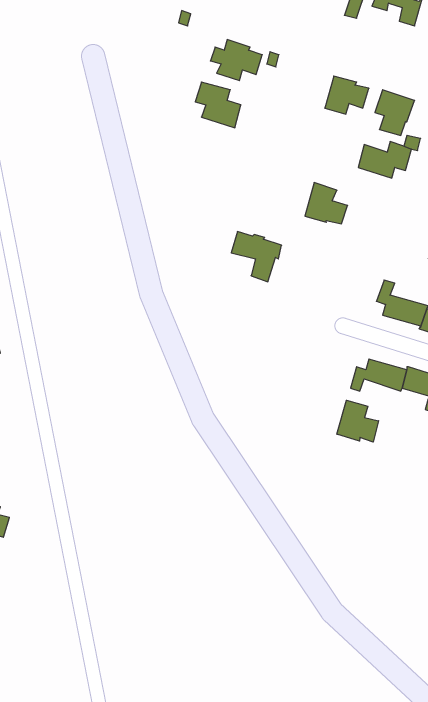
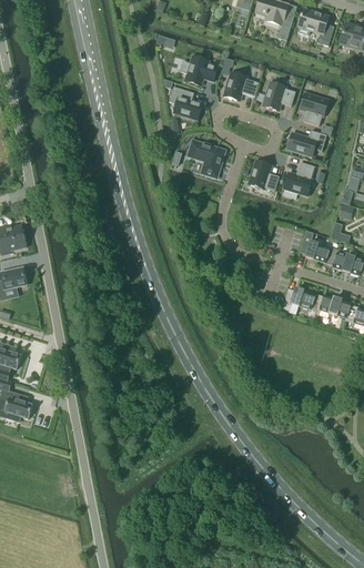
building: none -> [223,72,259,101]
building: none -> [284,162,314,195]
building: [231,232,282,282] -> [188,140,224,176]
building: [337,400,379,442] -> none

